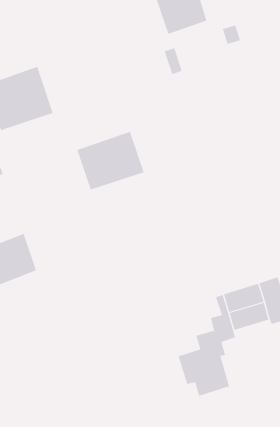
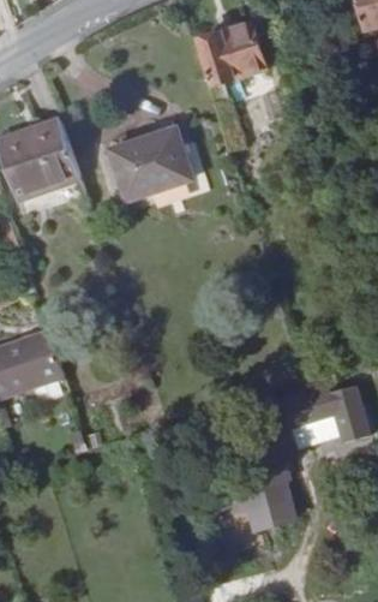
building: [76,131,144,190] -> [110,129,193,201]

